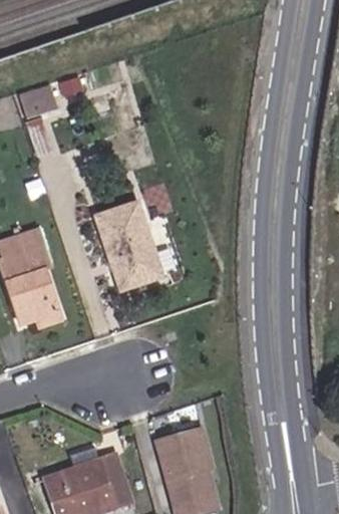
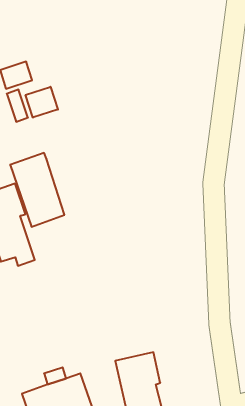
building: none -> [26,87,58,118]
building: [96,203,160,290] -> [10,153,64,227]

